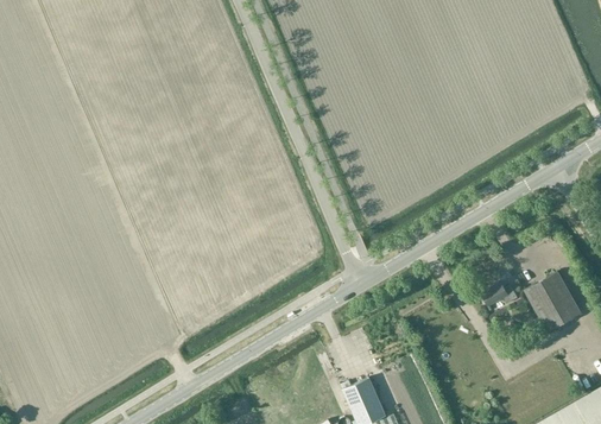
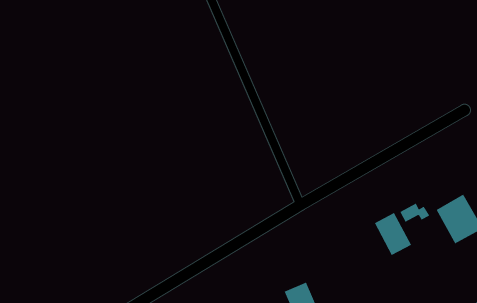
building: none -> [374,212,412,256]

